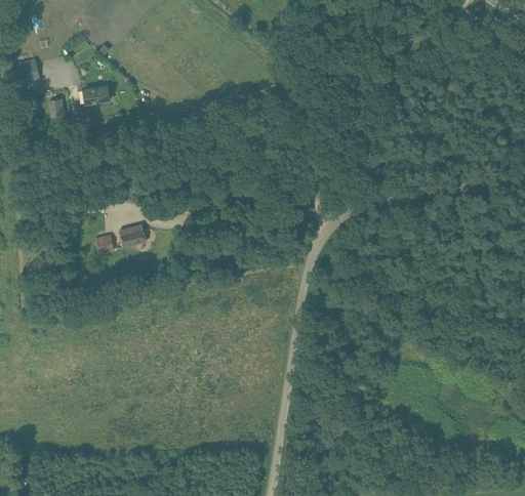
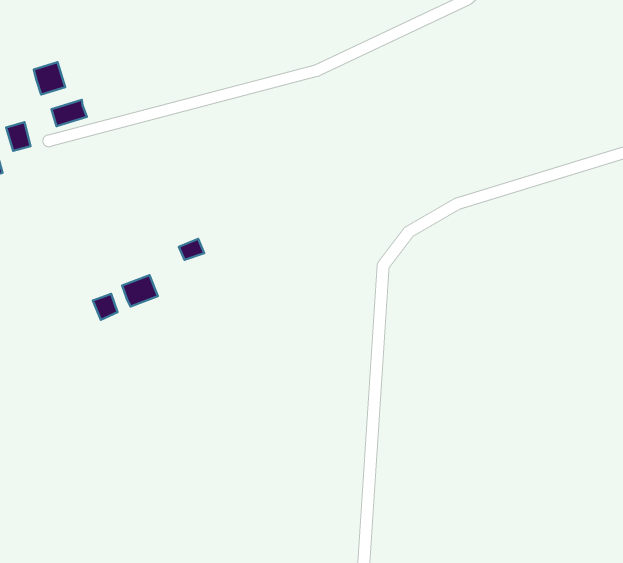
building: none -> [34,62,65,94]

